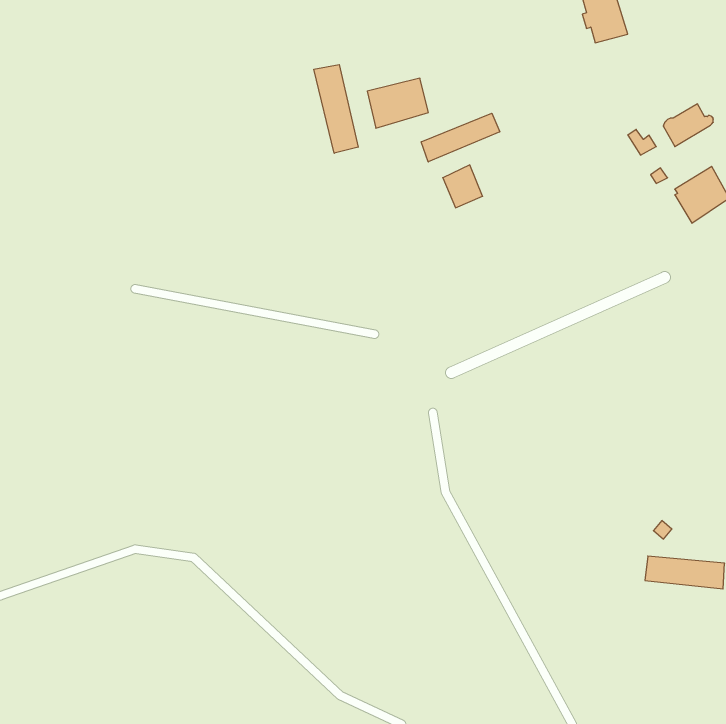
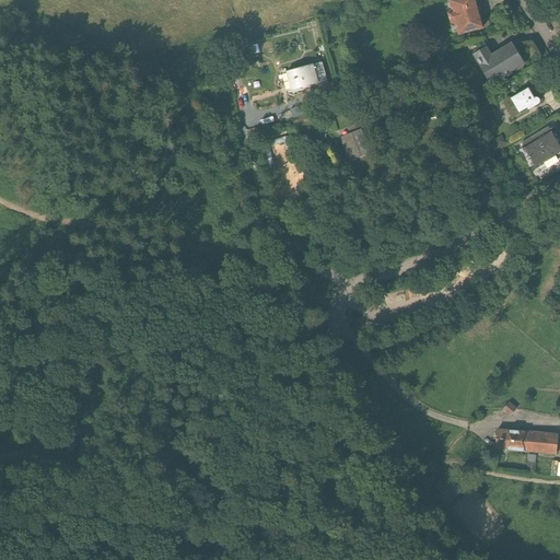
building: none -> [472,40,525,83]
building: [314,65,358,153] -> none
building: [421,113,500,162] -> none

